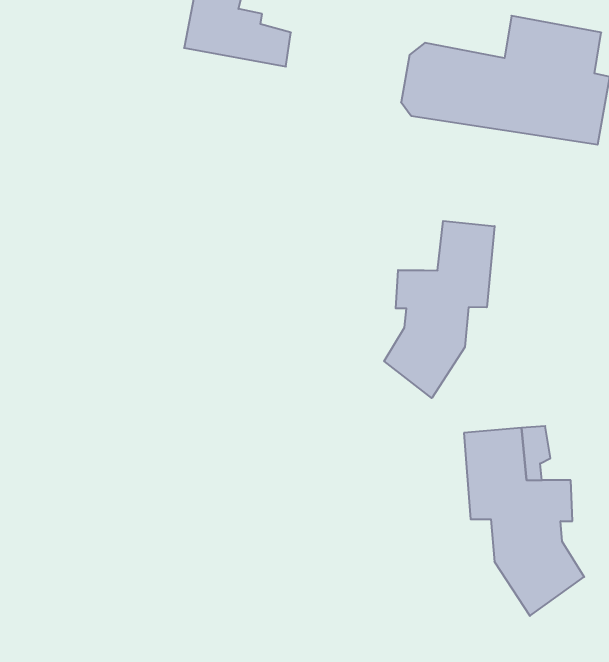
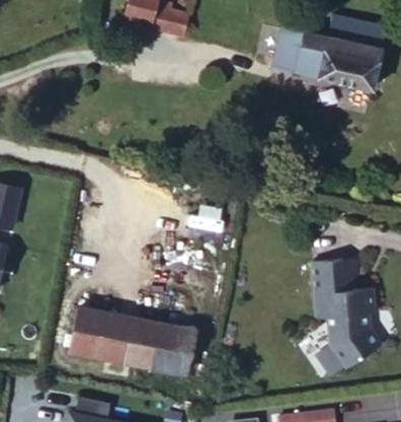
building: [384,221,495,398] -> none
building: none -> [69,307,191,374]

